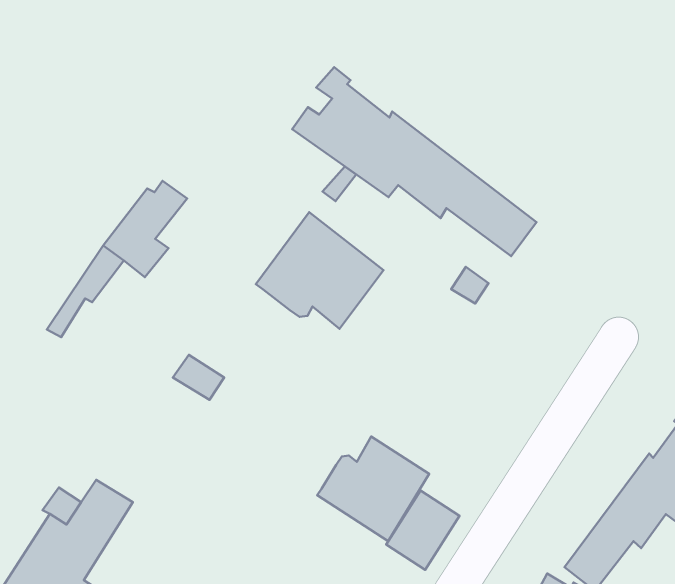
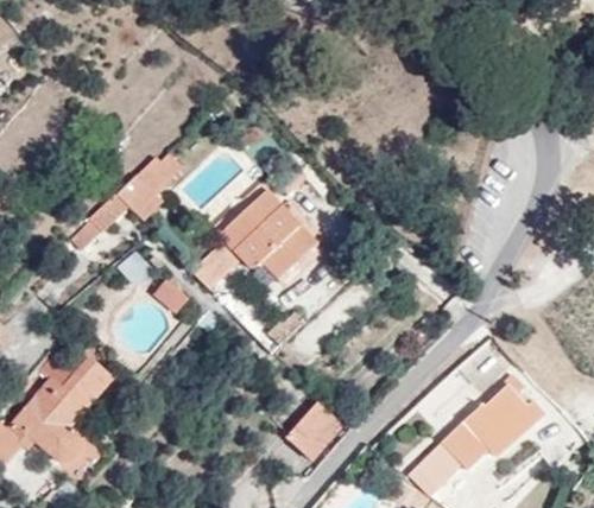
building: [292,67,537,256] -> none
building: none -> [195,241,245,288]
building: [317,436,429,541] -> none

